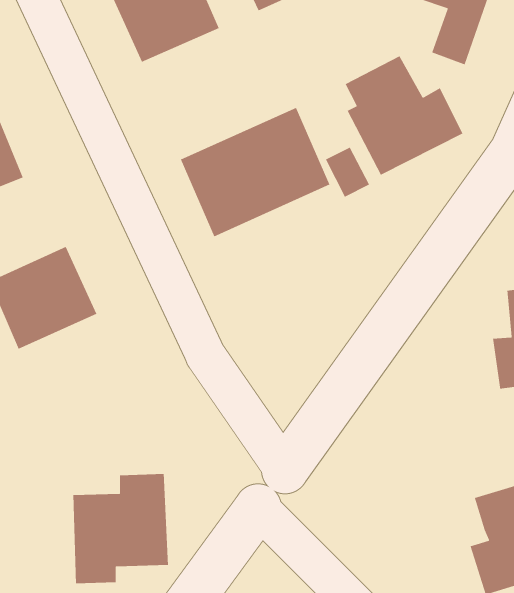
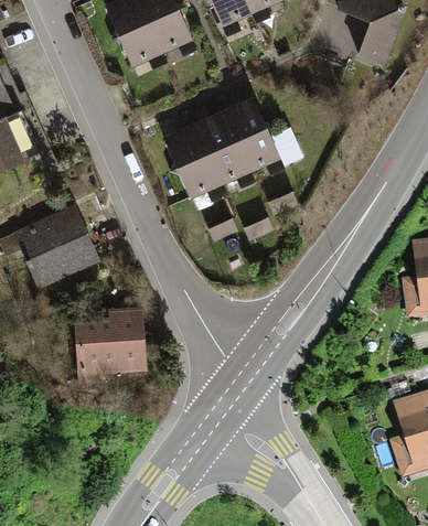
building: [345,55,463,176] -> none
building: [72,473,169,584] -> [69,301,145,387]

